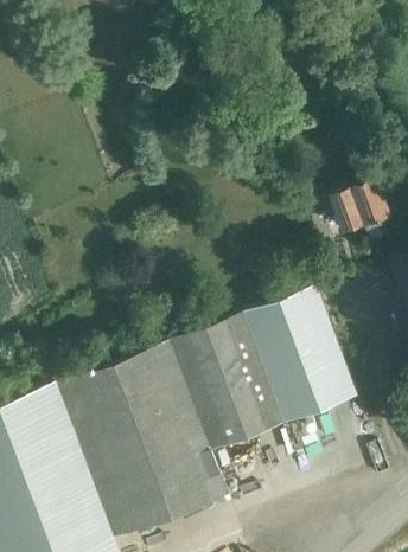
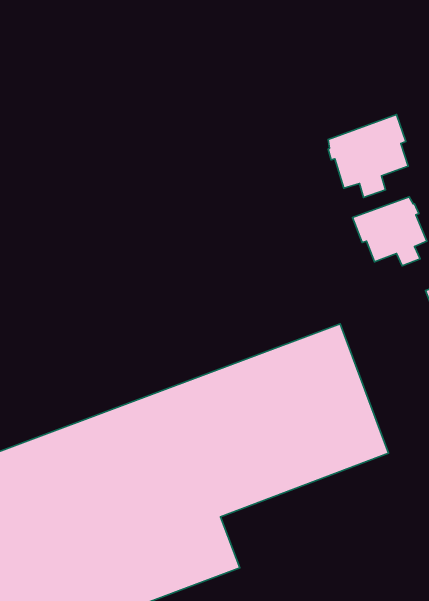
building: none -> [328,115,408,197]

